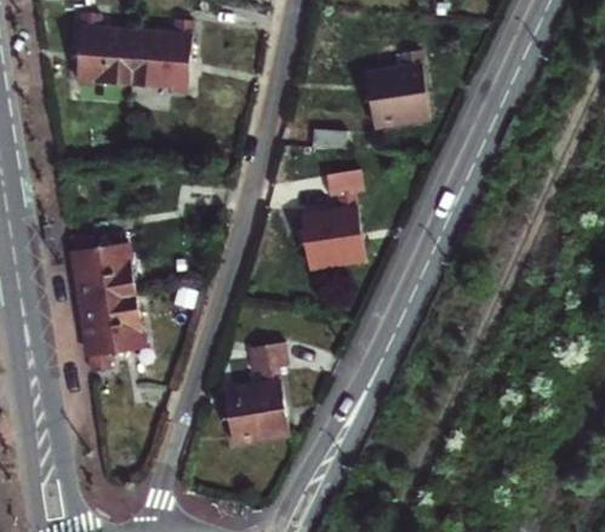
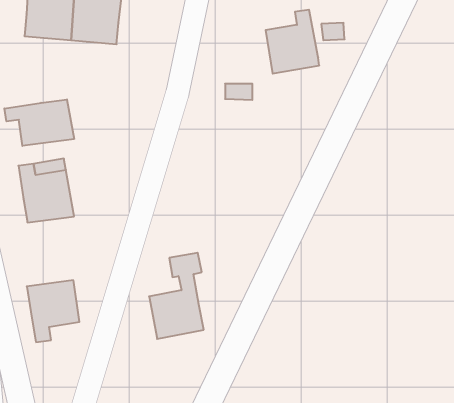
building: none -> [4,99,74,146]
building: [299,166,365,267] -> none
building: [79,296,142,370] -> [27,280,79,342]

